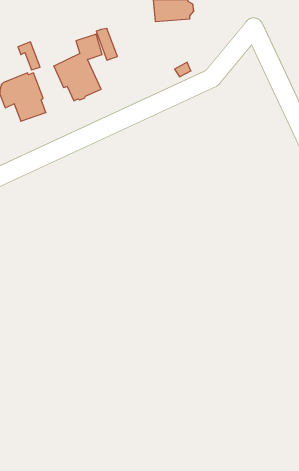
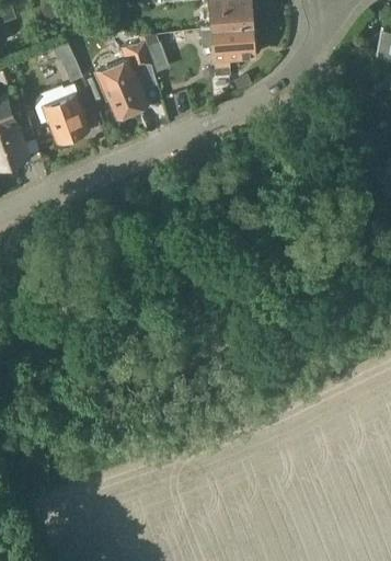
building: none -> [199,25,255,79]

